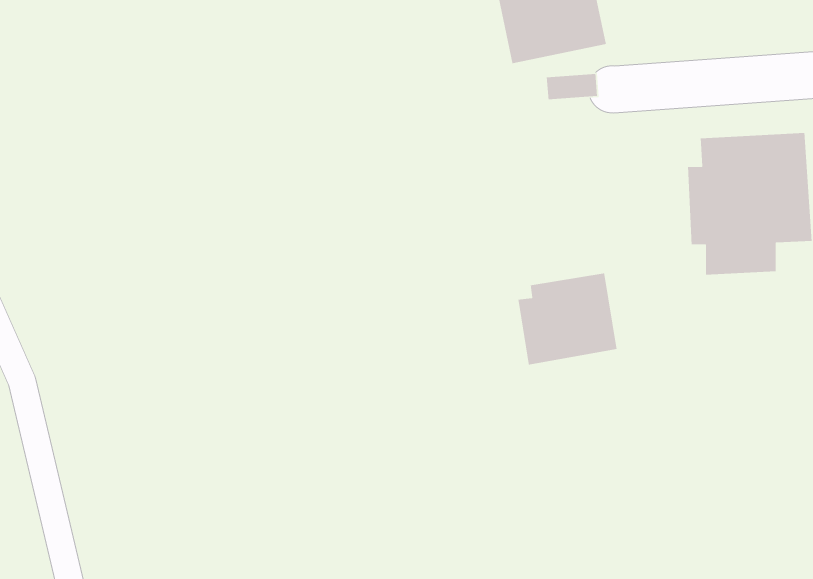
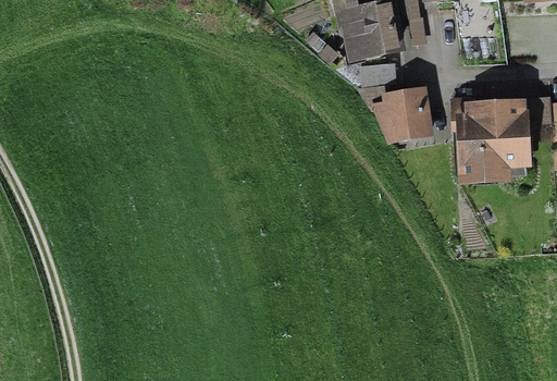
building: [517,272,617,365] -> [373,89,434,146]

